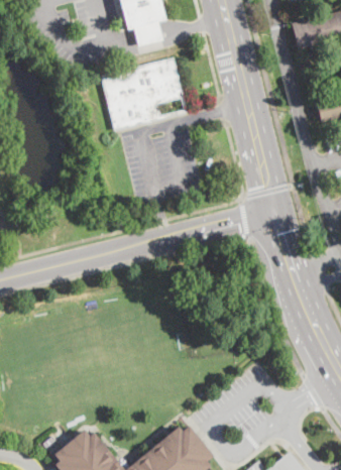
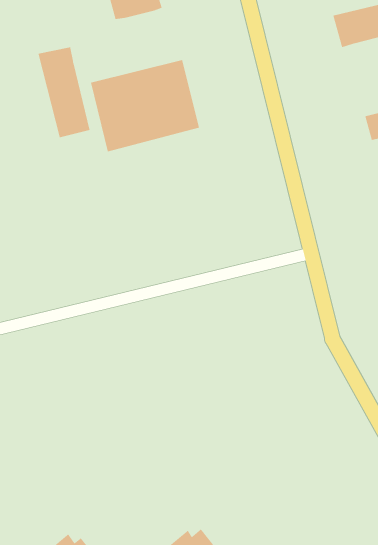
building: [128,20,158,45] -> none
building: none -> [38,46,90,138]

